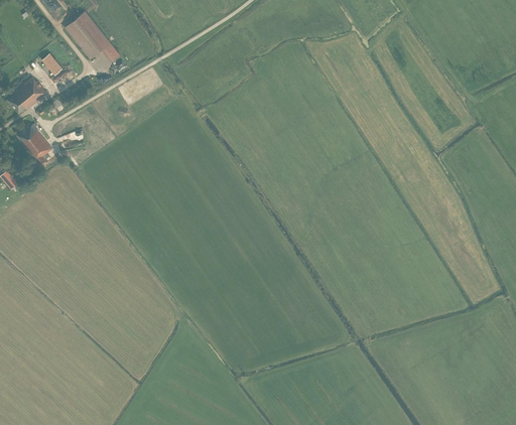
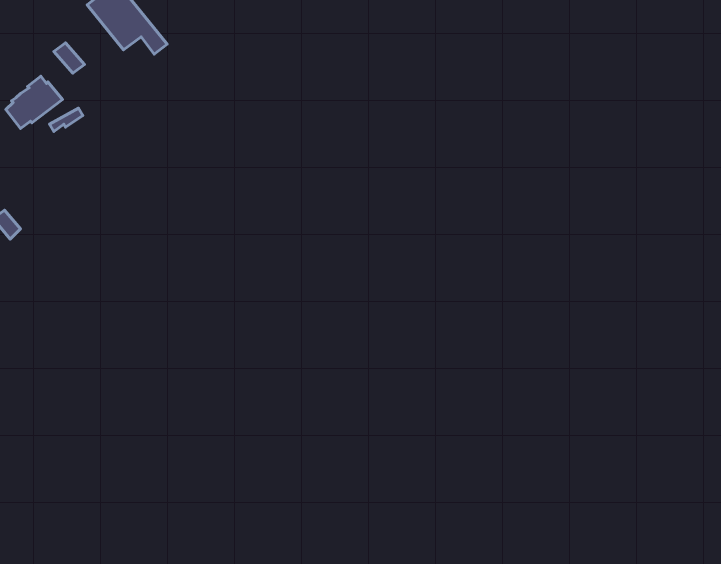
building: [18,125,52,167] -> none

